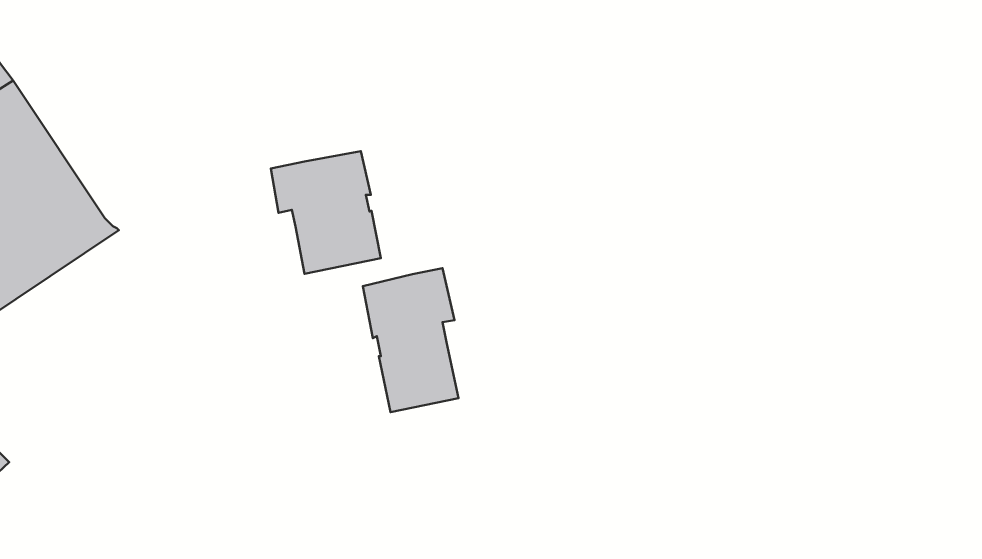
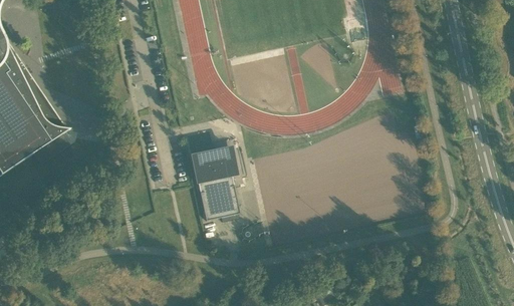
building: [271,151,381,274] -> none

